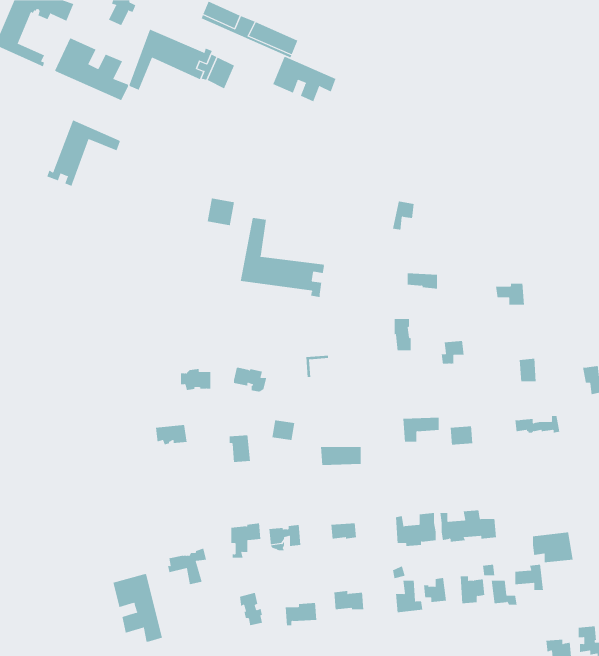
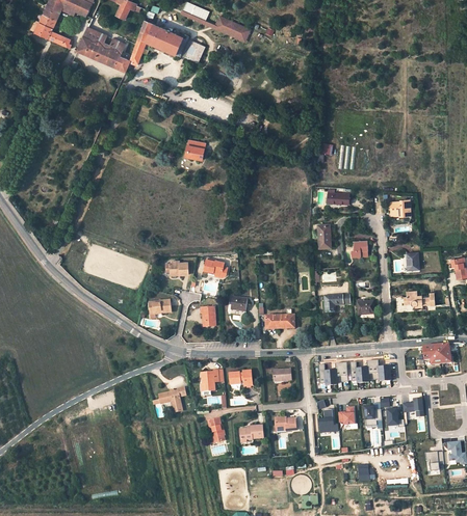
building: [273,55,336,102] -> none
building: [46,120,121,187] -> none
building: [240,217,325,298] -> none
building: [532,532,573,563] -> [422,344,451,365]
building: [113,573,162,643] -> none

